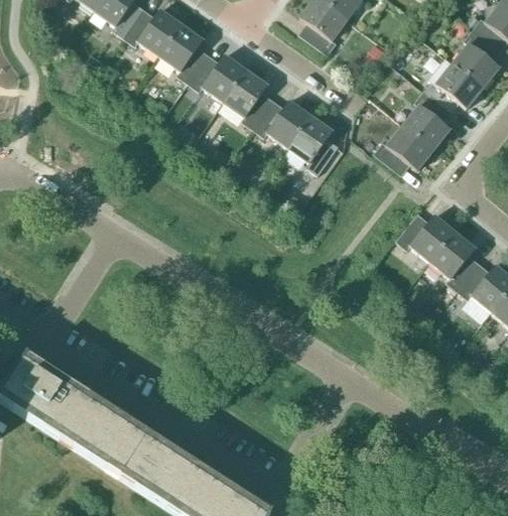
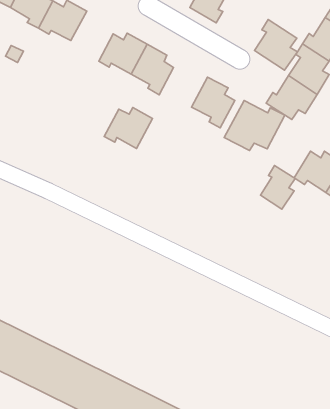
building: [159,24,209,83] -> none
building: none -> [254,20,297,70]
building: [253,100,310,147] -> [104,107,153,149]
building: none -> [224,100,285,150]
building: none -> [260,166,295,209]

